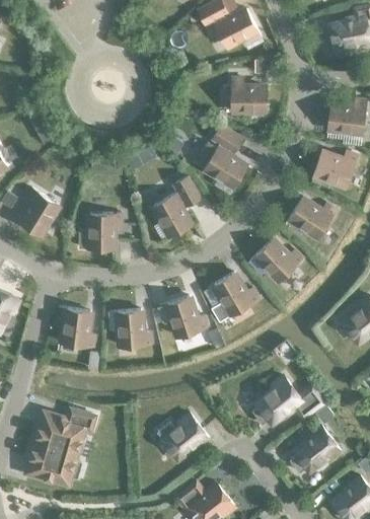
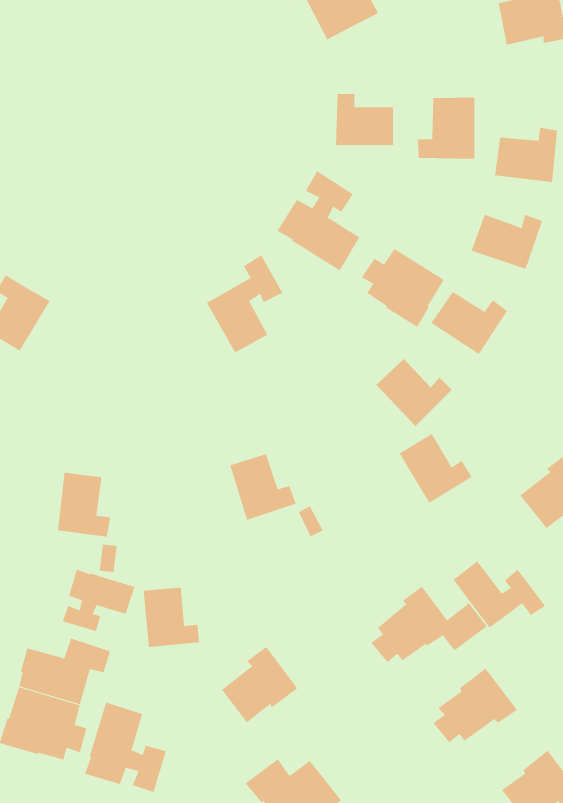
building: none -> [417,97,475,159]
building: none -> [361,248,444,328]
building: [79,214,121,248] -> none
building: [213,273,257,315] -> [399,433,472,504]
building: [117,310,151,347] -> [143,587,200,648]
building: none -> [453,561,546,628]
building: none -> [62,569,135,632]
building: none -> [84,702,166,793]

